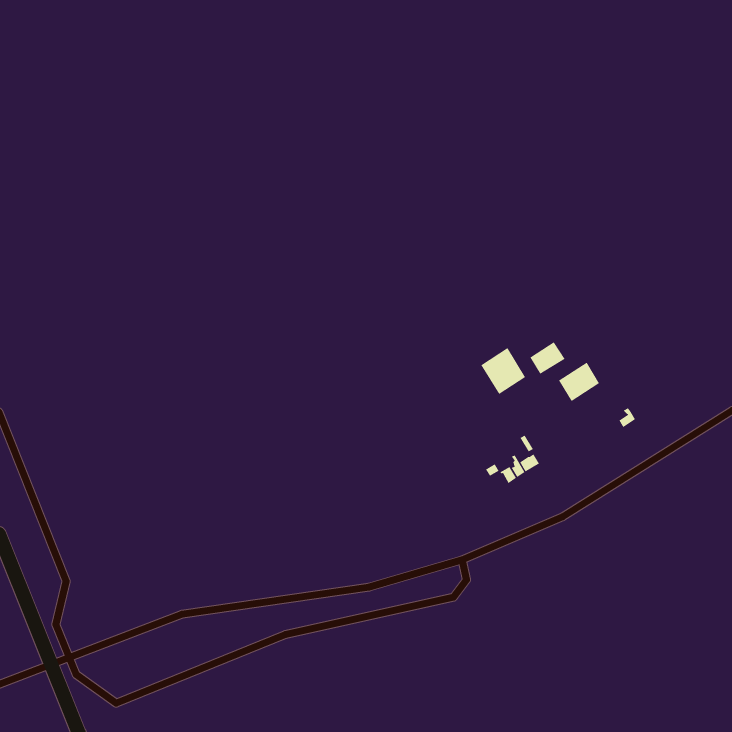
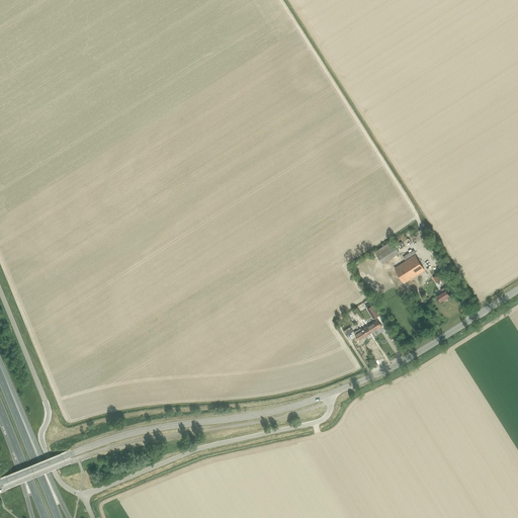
building: [481,347,526,395] -> none

